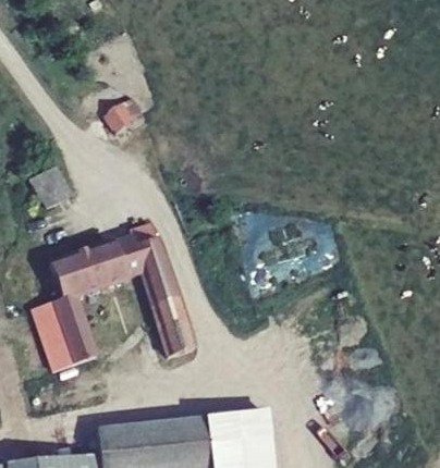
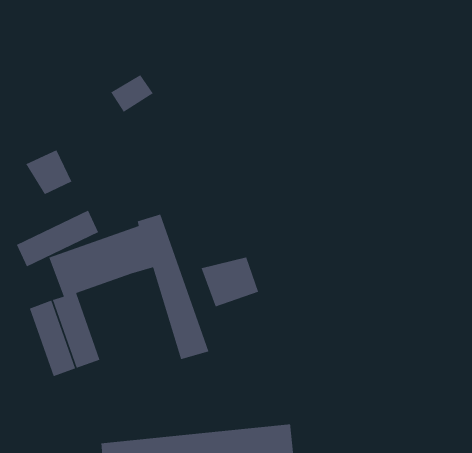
building: none -> [16,210,99,268]
building: none -> [200,257,259,308]

